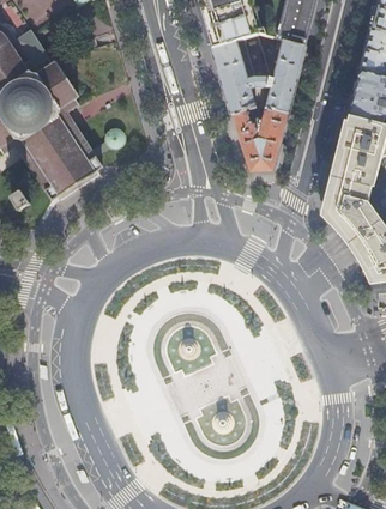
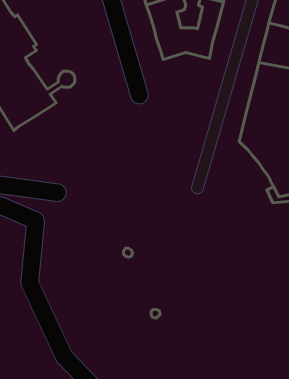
building: [231,103,289,176] -> none

